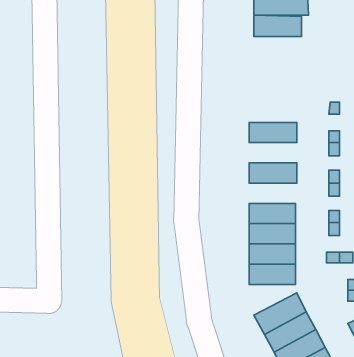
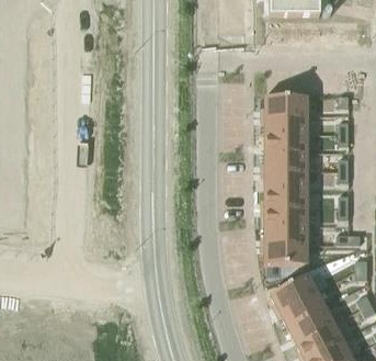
building: [254,15,302,37] -> [264,93,308,113]
building: none -> [264,132,308,150]
building: none -> [264,169,308,188]

